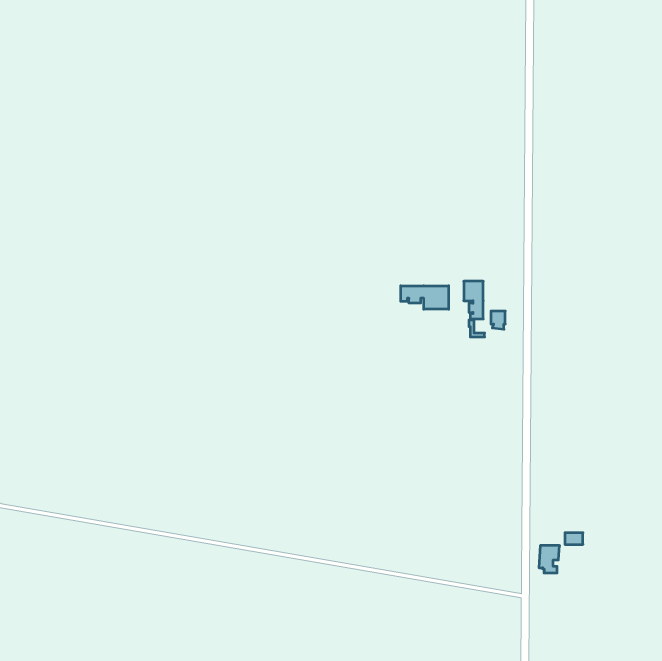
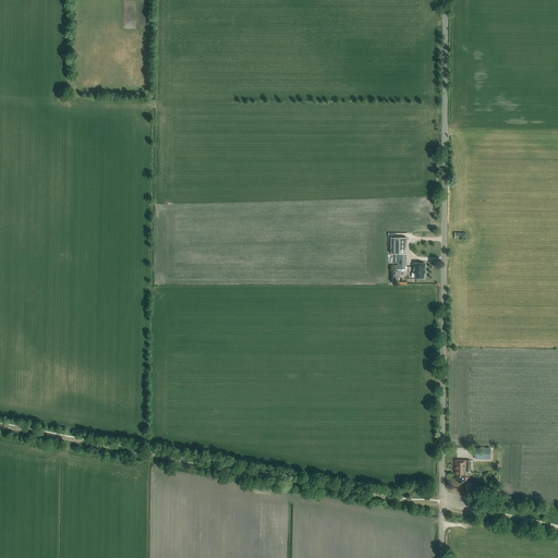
building: [401,286,449,309] -> none

